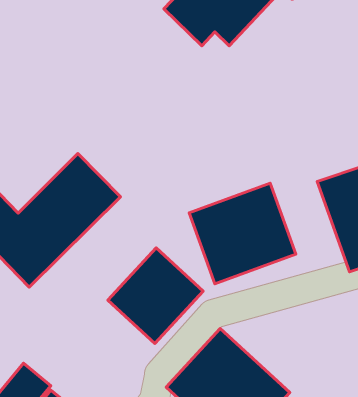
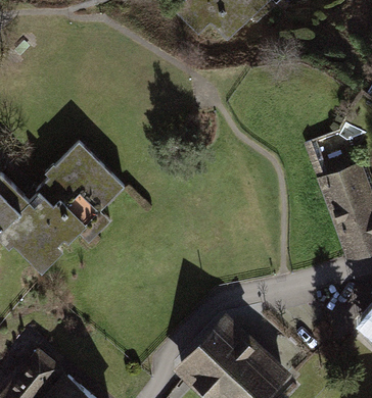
building: [189,183,296,284] -> none
building: [108,248,203,343] -> none

